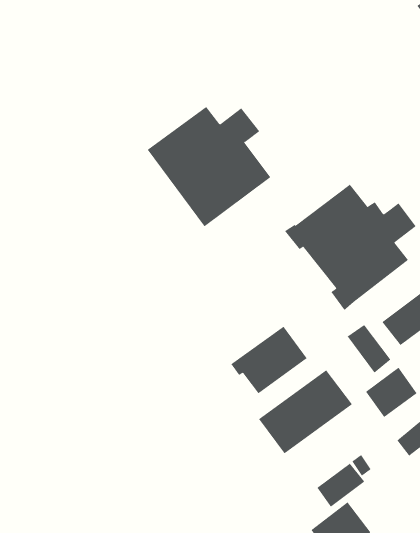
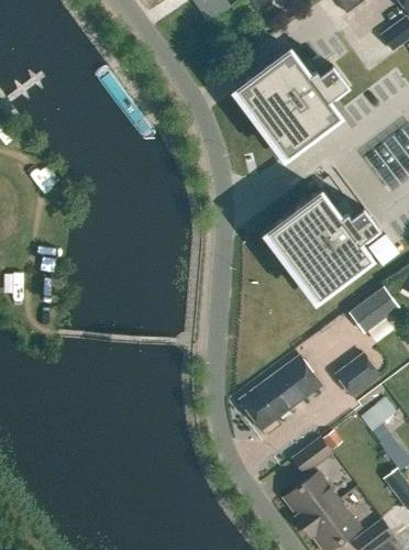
building: [147,106,271,227] -> [237,50,347,156]
building: [347,324,391,373] -> none
building: [230,326,307,394] -> none

